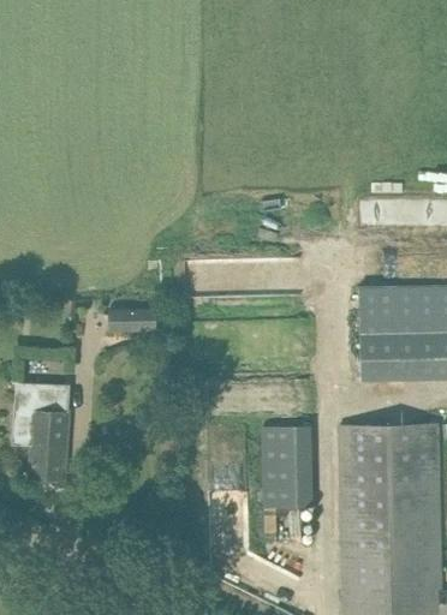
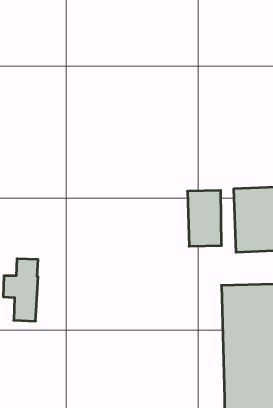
building: [109,311,157,334] -> none
building: [261,428,311,510] -> [187,190,222,246]

